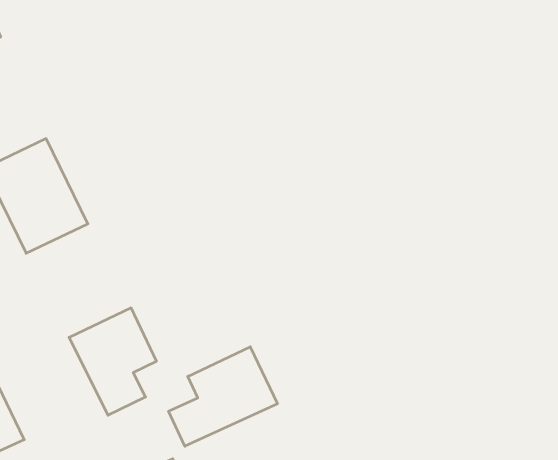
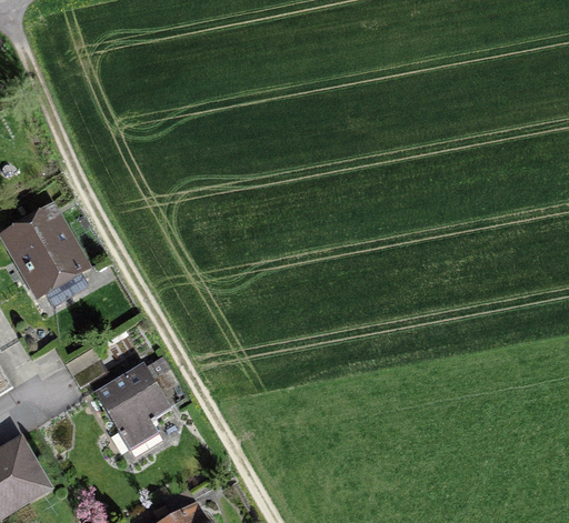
building: [169,347,277,446] -> none

